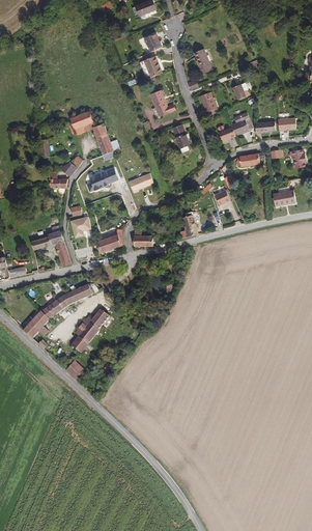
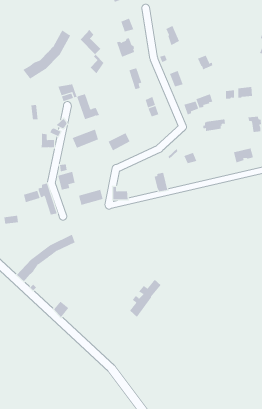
building: none -> [80,29,104,74]
building: none -> [22,30,71,80]
building: [70,310,108,355] -> [129,279,162,318]

